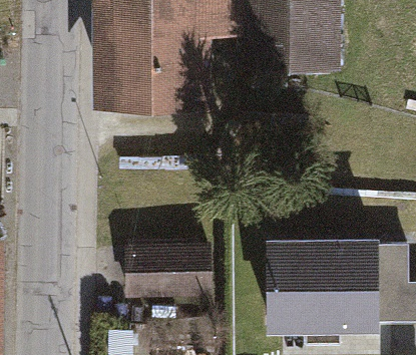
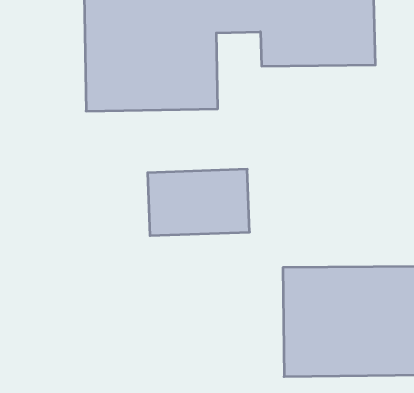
building: [125,249,212,305] -> [148,169,250,236]

